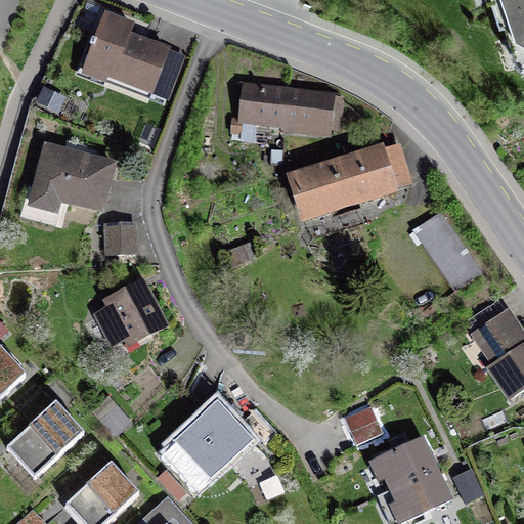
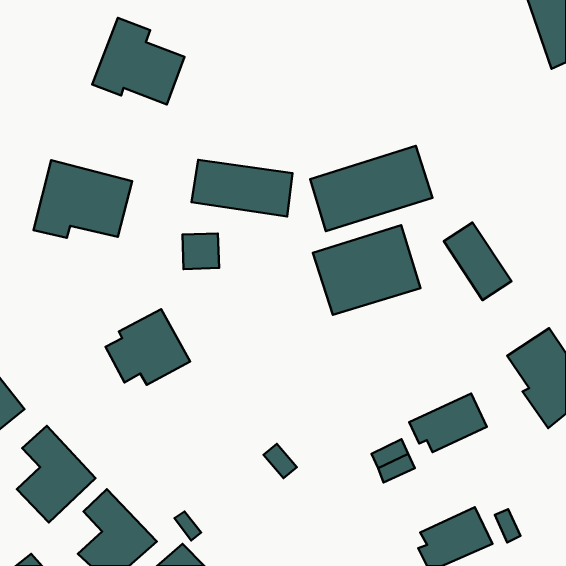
building: [237,74,331,126] -> [191,160,293,216]
building: none -> [313,225,420,315]
building: [104,227,138,260] -> [182,233,219,269]
building: [168,407,252,486] -> none
building: [365,436,437,490] -> [409,393,487,452]

